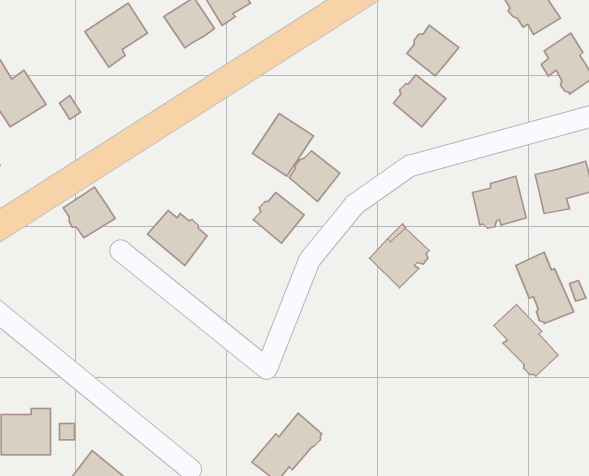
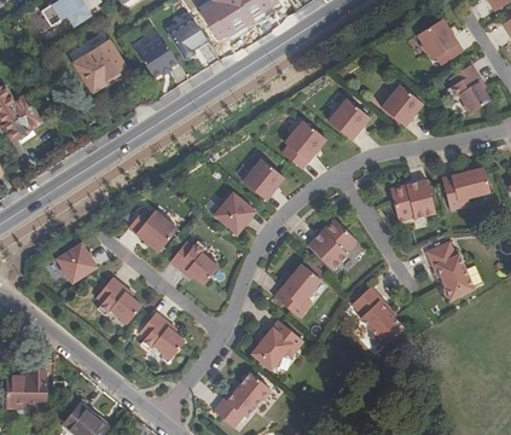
building: [407,25,459,76] -> [378,86,420,127]
building: [252,113,314,176] -> [277,117,326,168]
building: [63,187,115,238] -> [53,242,95,283]
building: none -> [168,240,216,284]
building: none -> [272,265,318,319]
building: none -> [94,277,139,324]
building: [494,304,558,376] -> [349,288,401,346]
building: none -> [135,312,180,359]
building: none -> [249,320,301,370]

